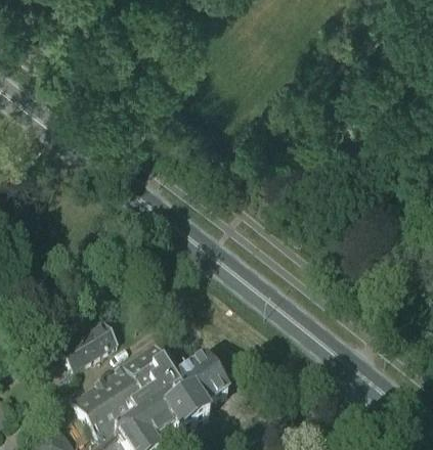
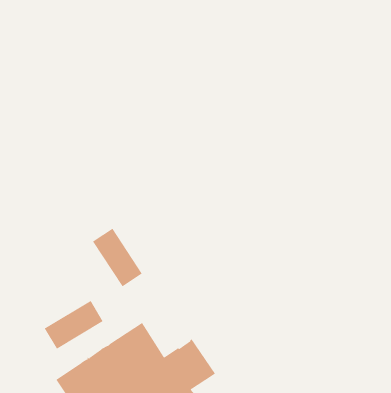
building: none -> [92,228,142,287]

